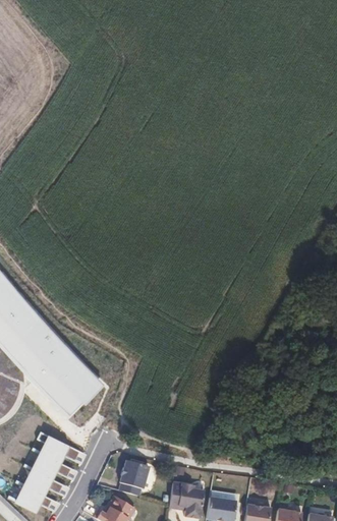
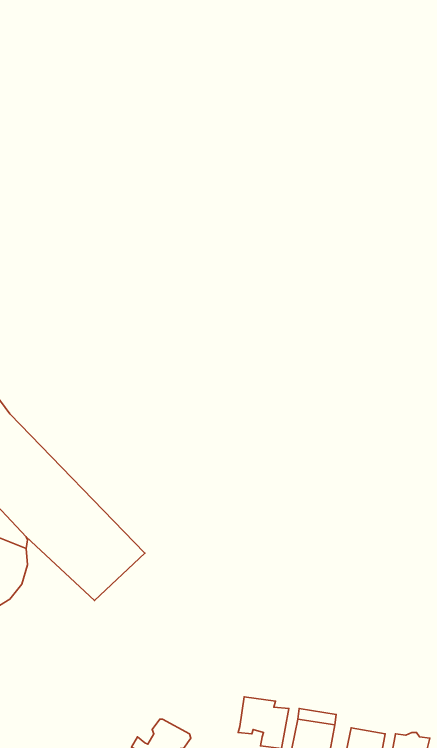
building: [17,433,68,513] -> none
building: [118,459,149,495] -> none

